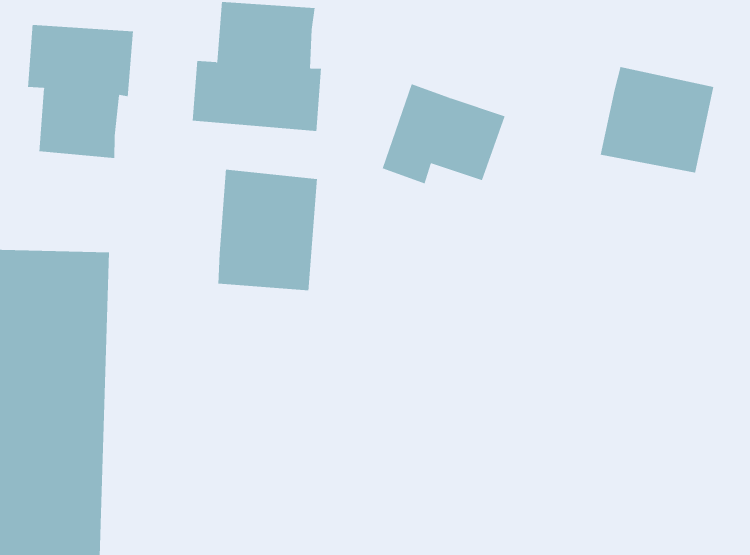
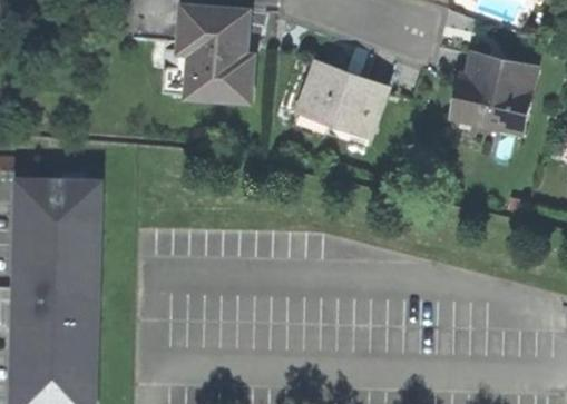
building: [27,24,133,159] -> none
building: [218,169,317,291] -> none

